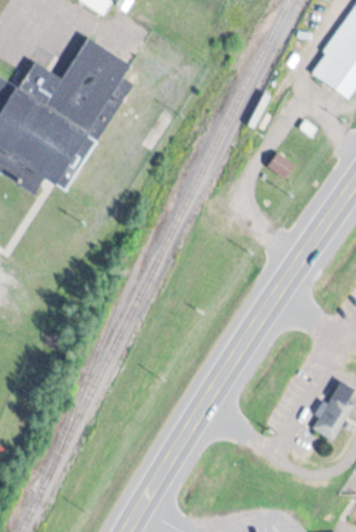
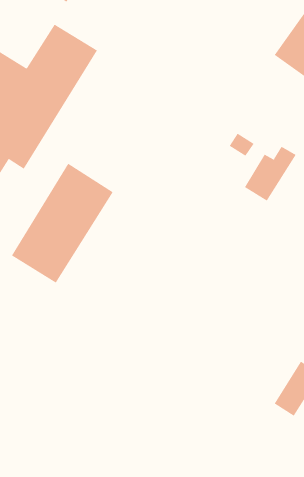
building: none -> [244,146,296,202]
building: none -> [11,163,114,284]

